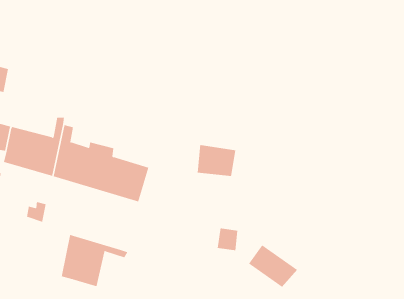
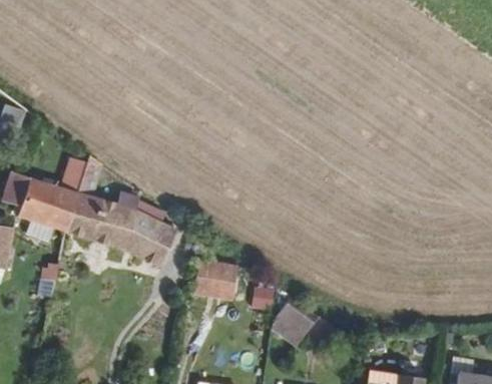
building: [197,145,236,177] -> [193,261,236,296]
building: [61,234,128,287] -> none

